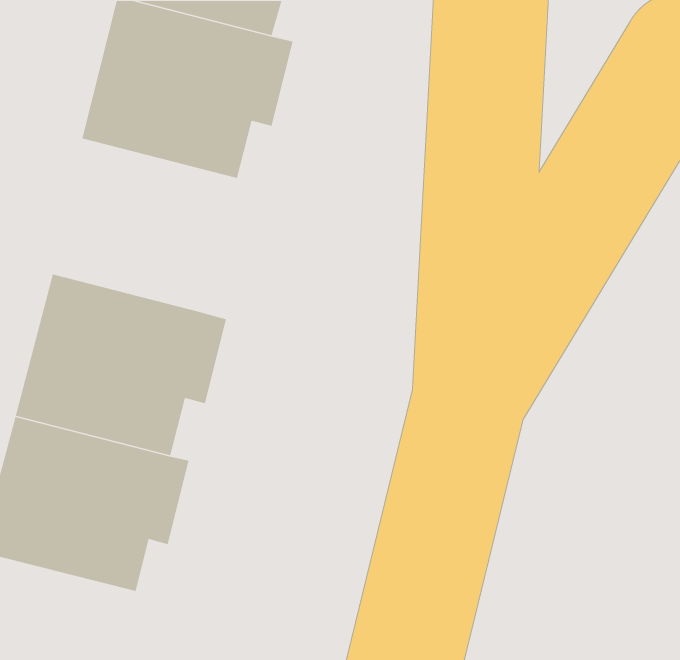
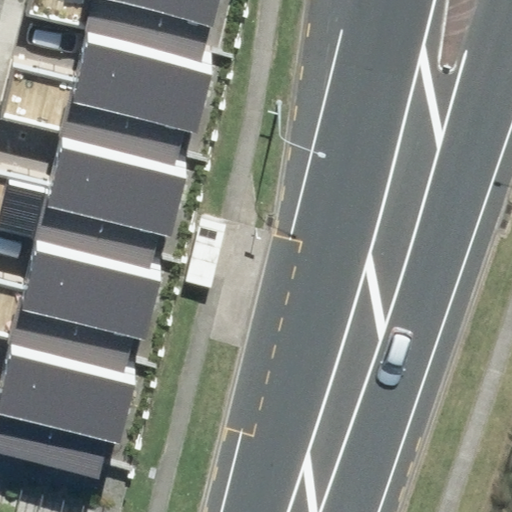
building: none -> [39,120,192,250]

